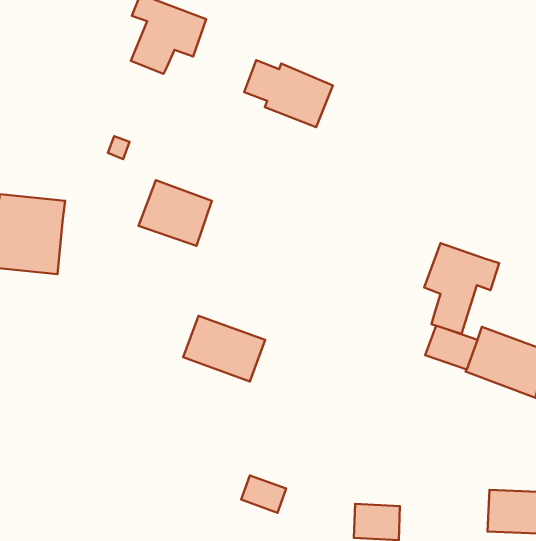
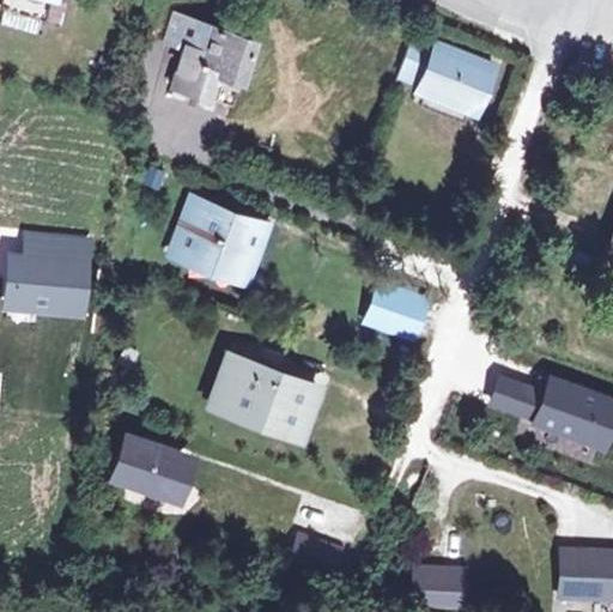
building: [244,60,333,127] -> [394,43,491,116]
building: [424,243,499,334] -> none
building: none -> [366,289,424,340]
building: none -> [113,437,186,497]

